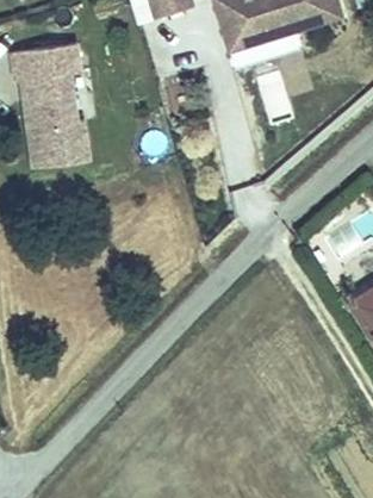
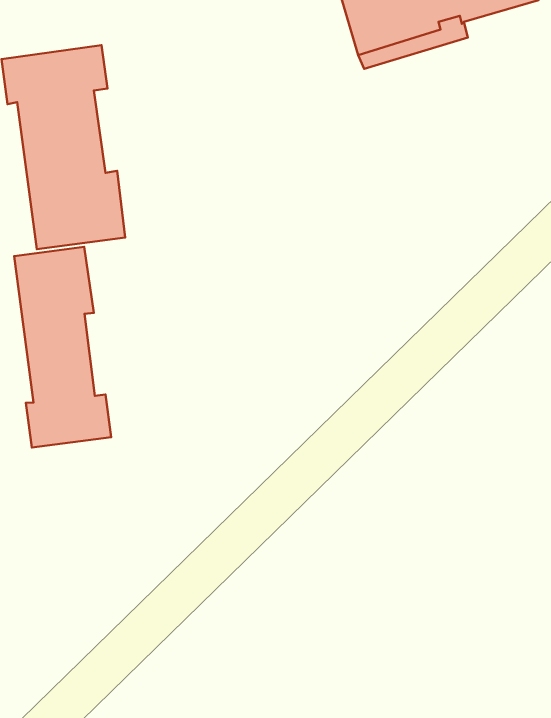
building: none -> [14,247,111,448]

